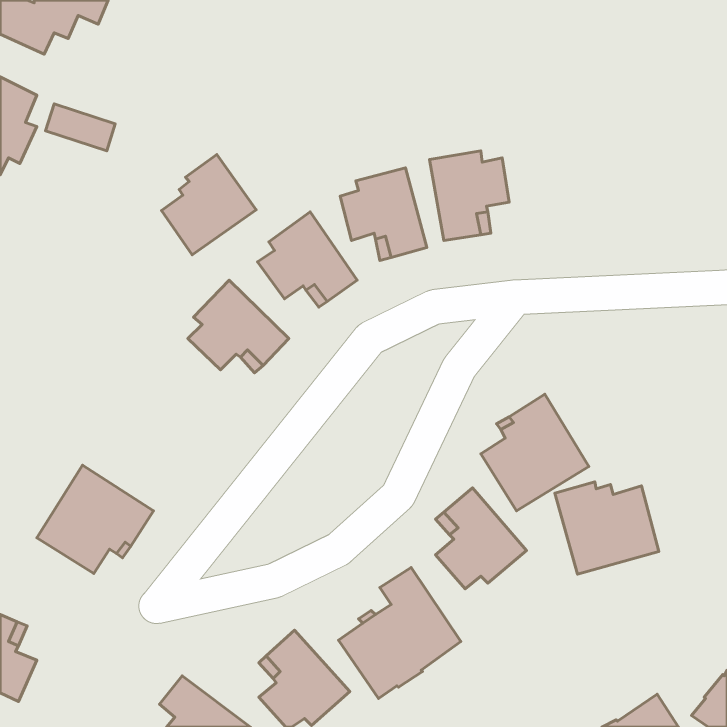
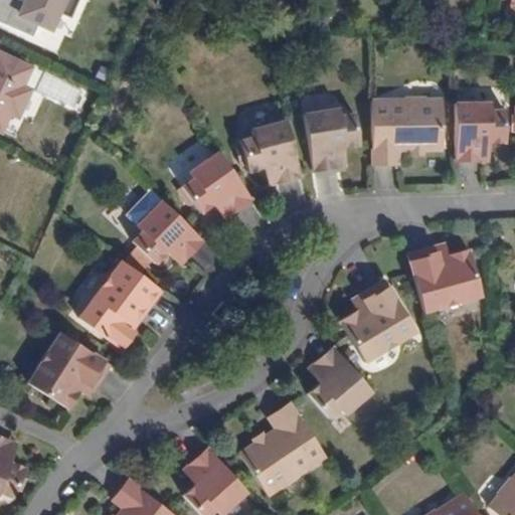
building: none -> [372,97,444,163]
building: none -> [455,101,506,160]
building: [161,155,256,255] -> none
building: none -> [79,260,163,347]
building: [555,482,659,574] -> [408,244,482,310]

